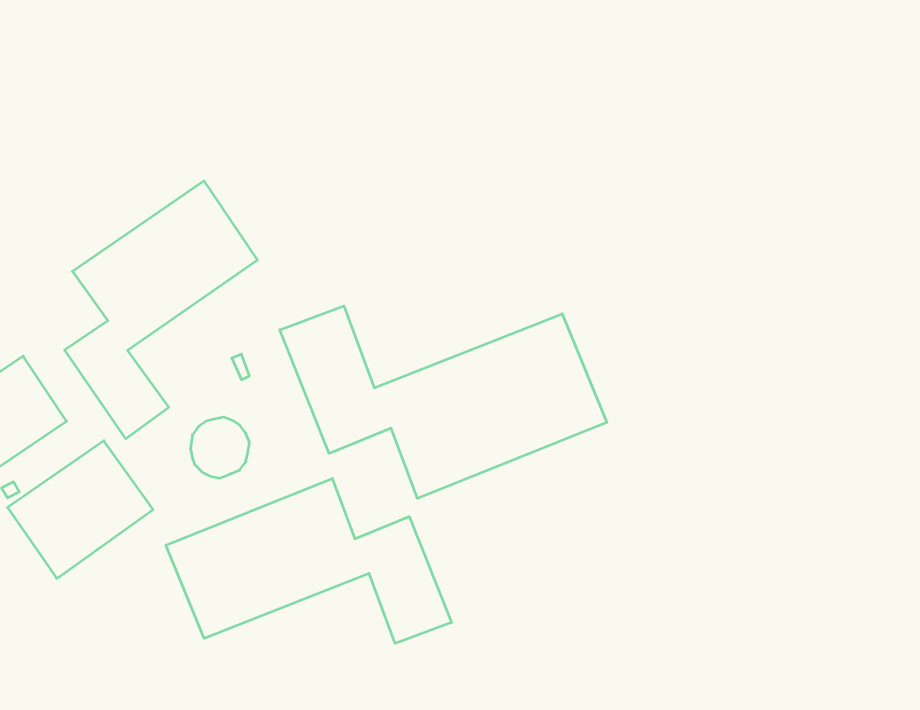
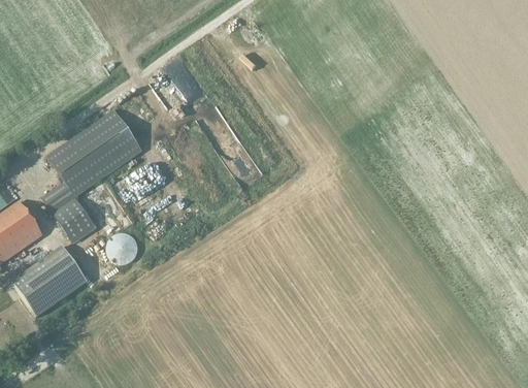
building: [280,306,607,498] -> none
building: [166,478,451,643] -> none

